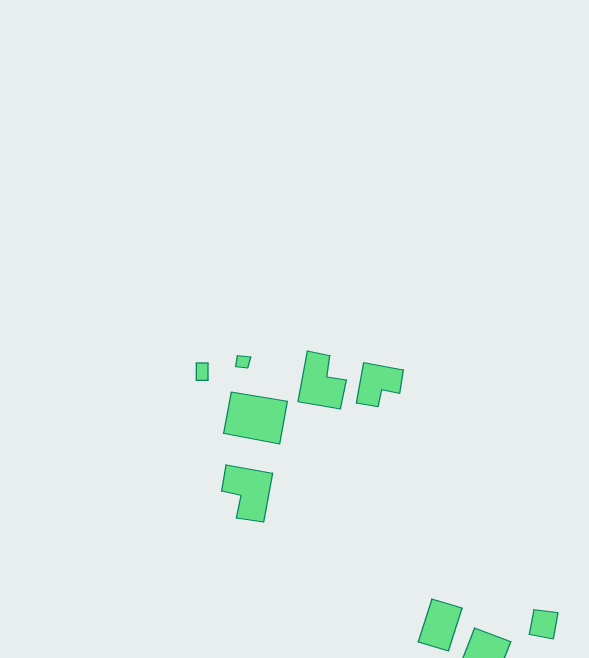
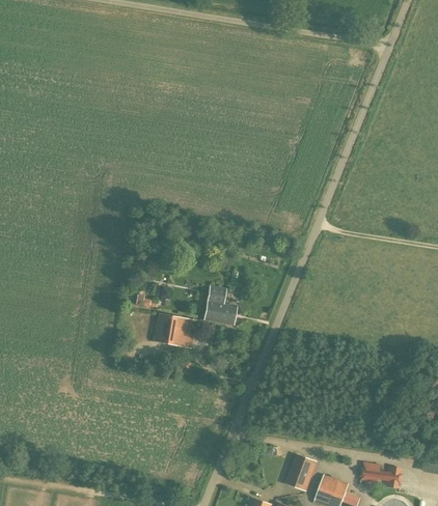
building: [357,363,403,407] -> none
building: [222,465,272,522] -> none

